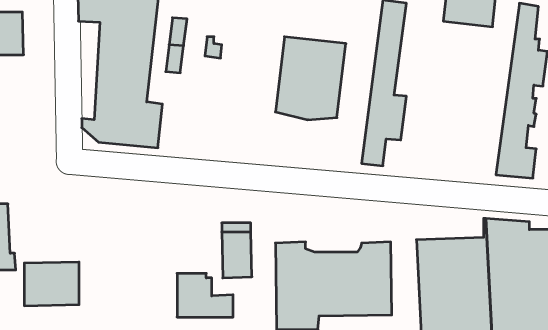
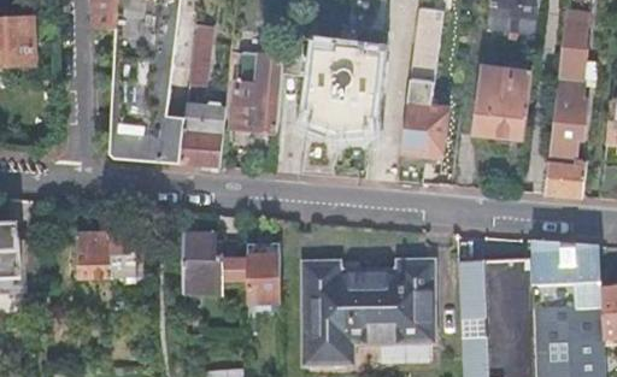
building: none -> [230,55,283,132]
building: none -> [472,61,535,139]
building: none -> [178,104,225,166]
building: [24,262,79,306] -> [77,232,136,279]
building: [177,273,233,317] -> [184,235,245,282]

